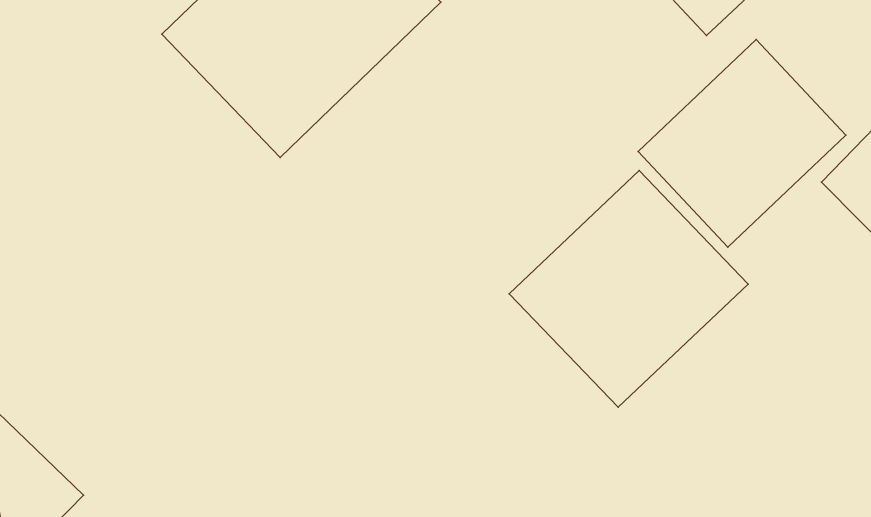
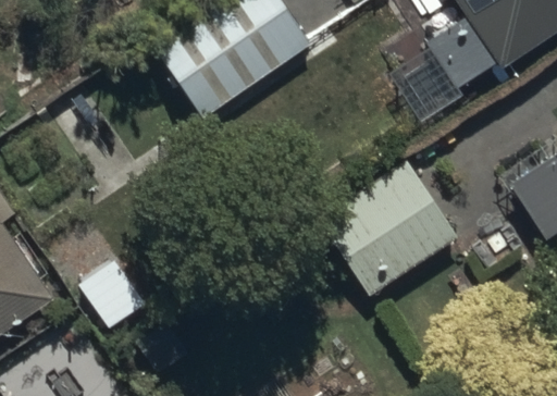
building: [638,39,846,247] -> none

